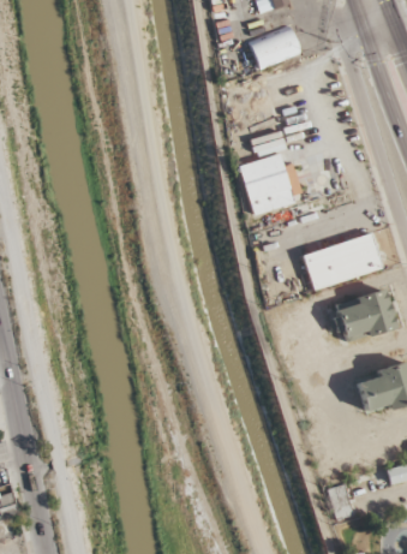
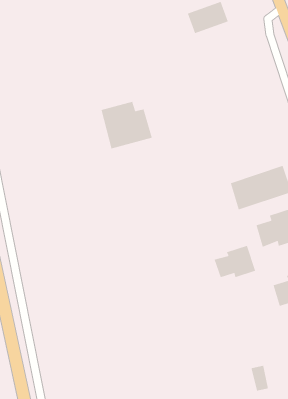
building: [239,154,305,215] -> [100,101,153,149]
building: none -> [214,245,256,278]

